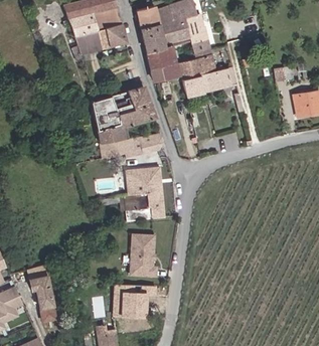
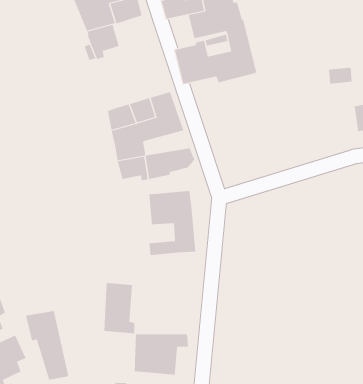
building: [139,22,163,51] -> none
building: [96,23,125,48] -> none
building: [182,65,235,96] -> none
building: [129,233,155,276] -> [103,282,135,334]

